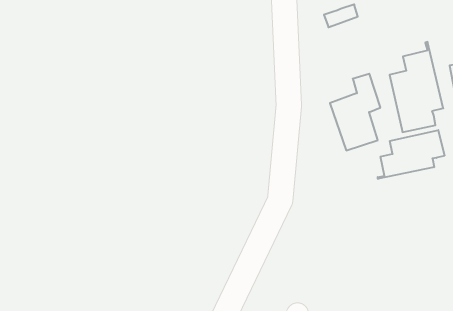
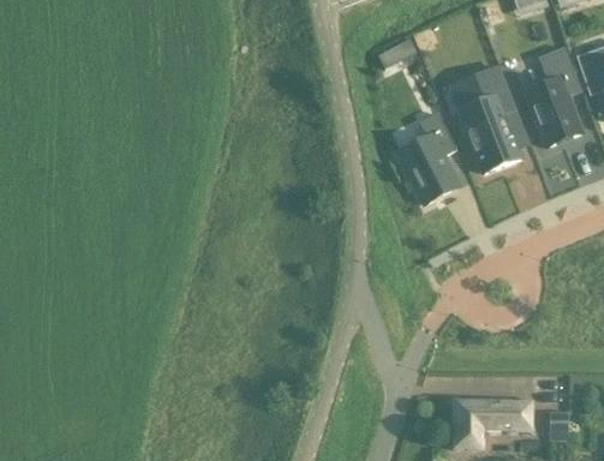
building: [378,130,444,179] -> none

